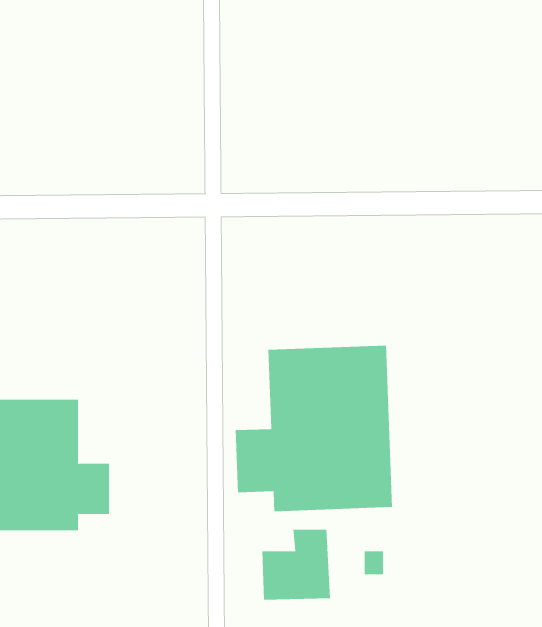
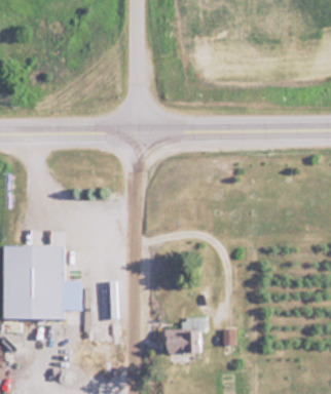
building: [235,345,393,512] -> none

